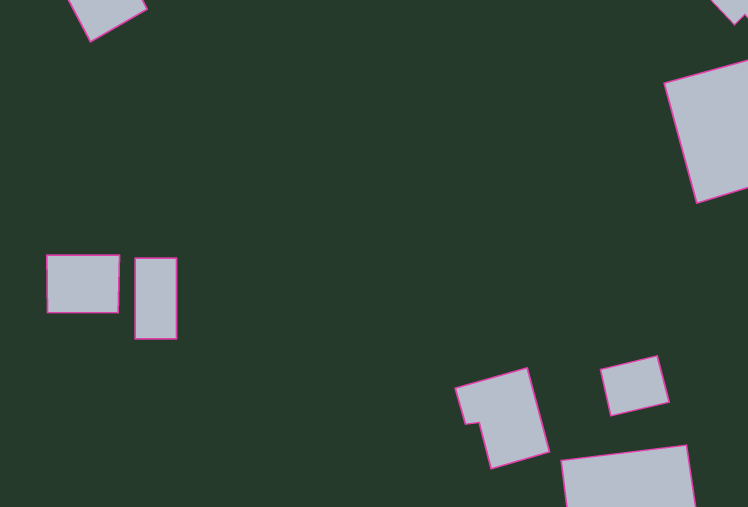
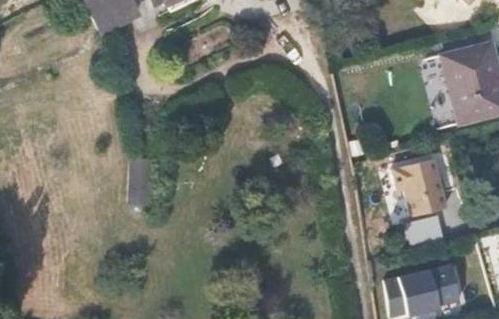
building: [47,255,120,313] -> none
building: [455,368,550,469] -> [391,158,446,217]

